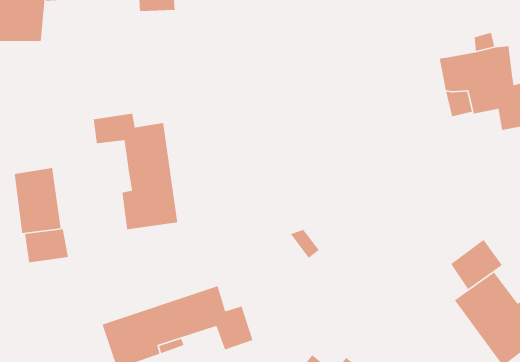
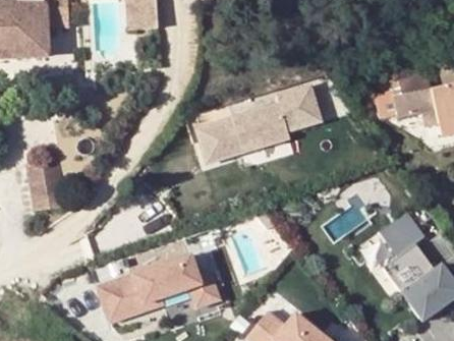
building: none -> [193,88,319,164]
building: [93,113,178,230] -> none
building: [24,229,69,263] -> none

